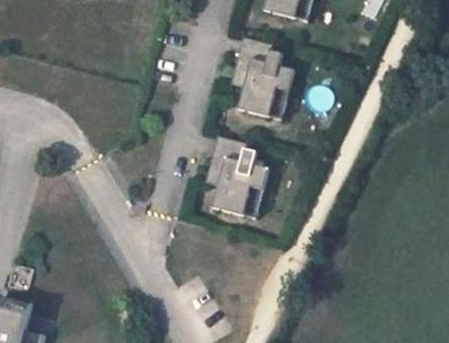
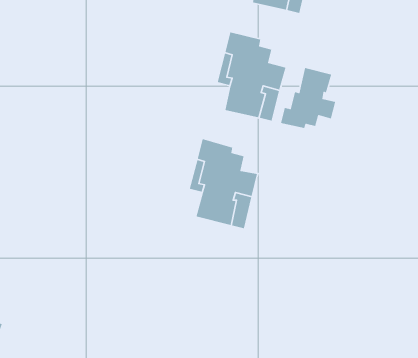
building: none -> [280,67,336,129]

